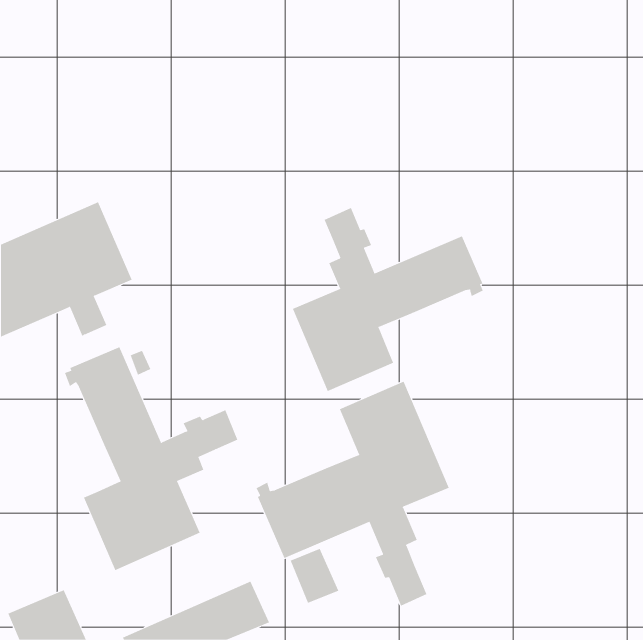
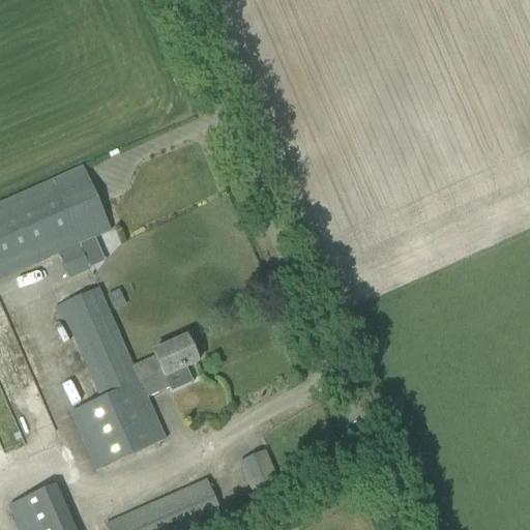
building: [292,207,484,392] -> none
building: [256,381,449,606] -> none

